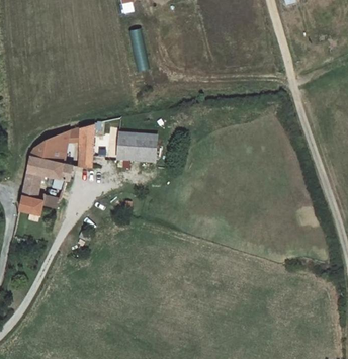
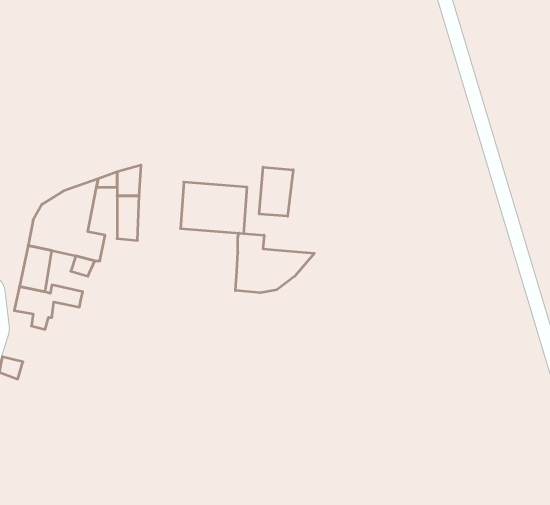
building: none -> [259,167,293,216]
building: none -> [235,233,314,293]

